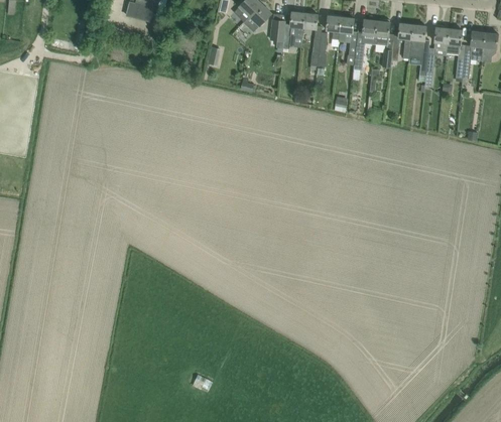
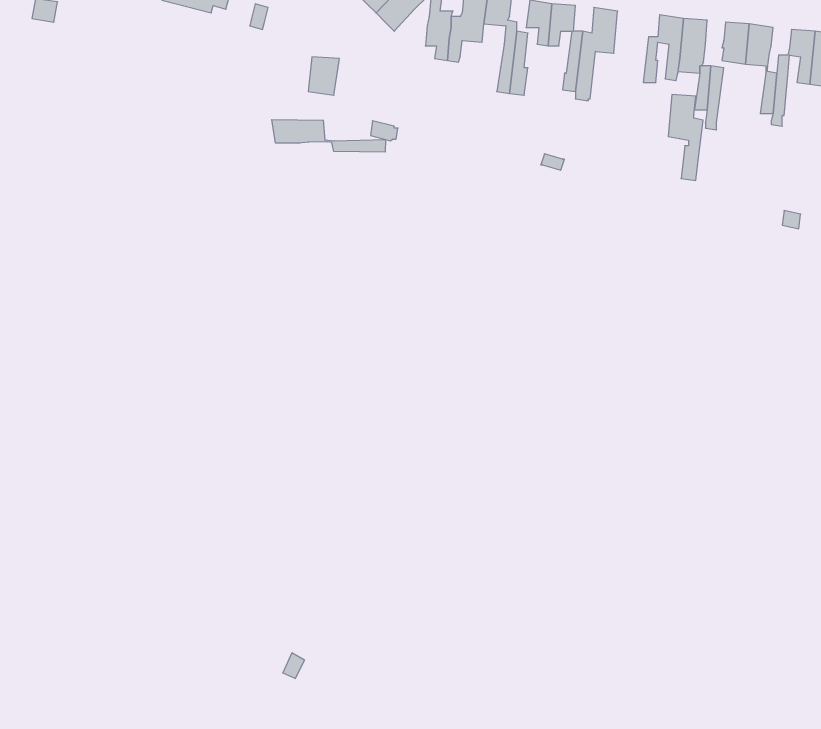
building: [374,20,393,67] -> [668,95,703,180]
building: none -> [272,120,386,152]

